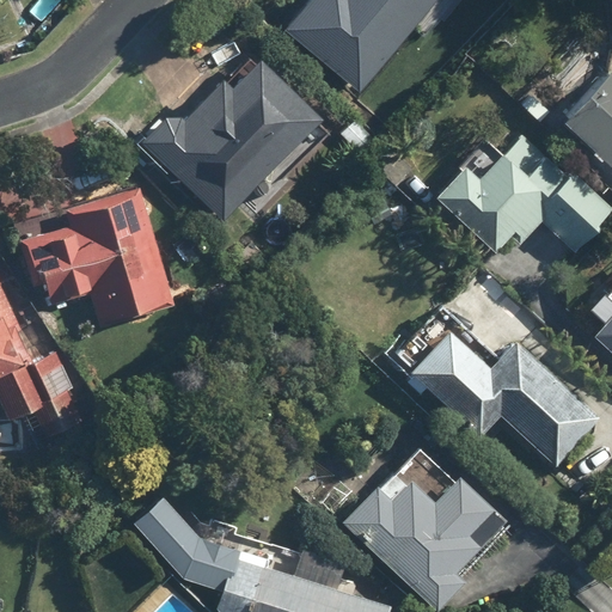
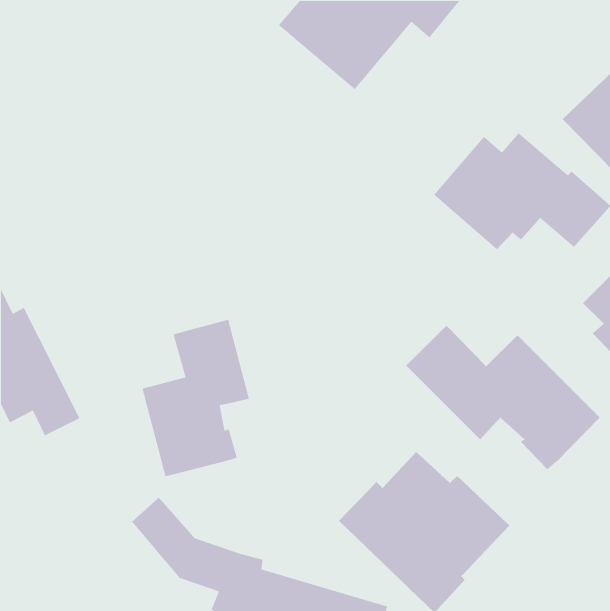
building: [160,47,322,222] -> none
building: [18,185,171,319] -> none
building: none -> [141,319,250,477]

